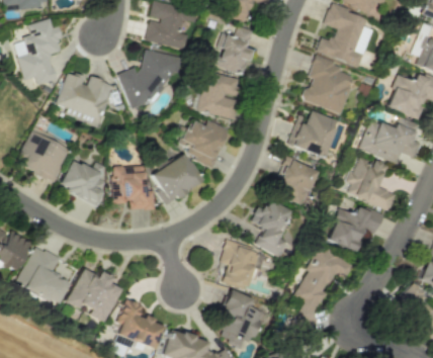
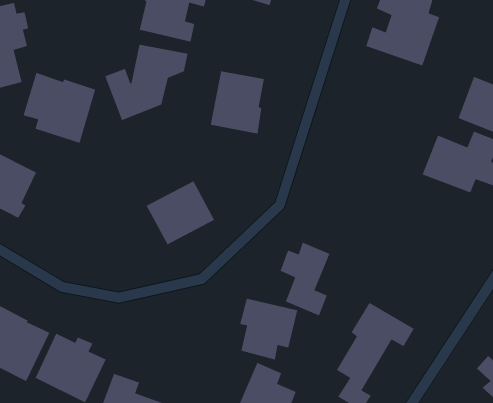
building: [209,25,255,74] -> none
building: [304,56,355,113] -> none
building: [290,110,338,156] -> none
building: [183,119,231,166] -> none
building: [346,154,397,210] -> none
building: [60,157,107,204] -> none
building: [274,158,318,204] -> none
building: [113,165,156,209] -> none
building: [329,204,383,250] -> none

